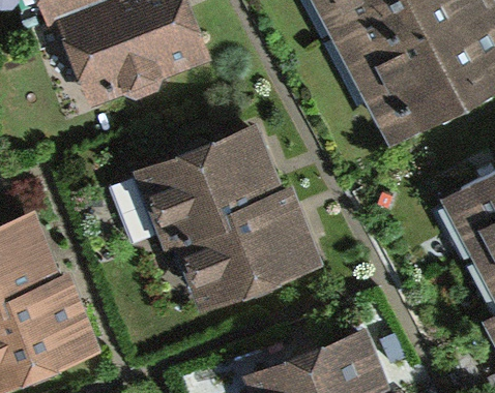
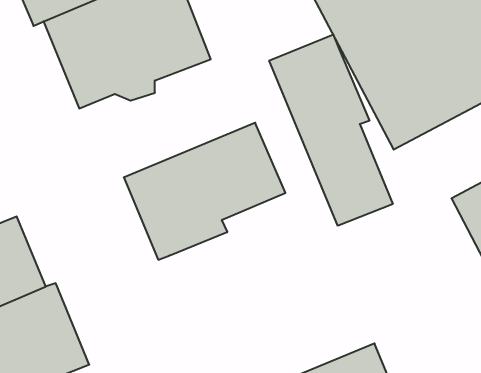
building: none -> [269,35,393,226]
building: [176,185,323,310] -> none

